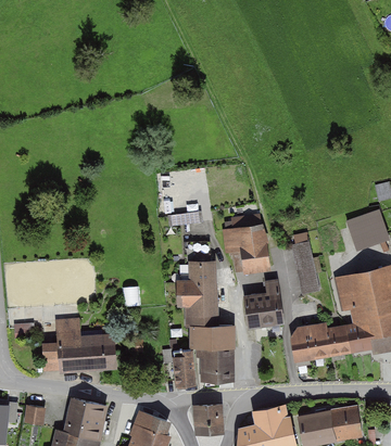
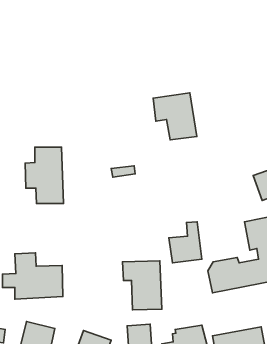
building: [222,220,275,278] -> [153,93,197,140]
building: [291,242,320,294] -> none
building: [172,256,218,324] -> [25,147,63,203]
building: [172,352,193,386] -> none

